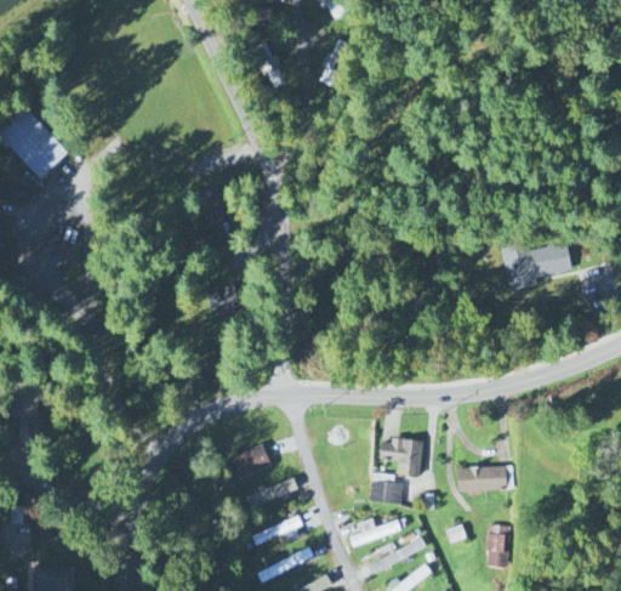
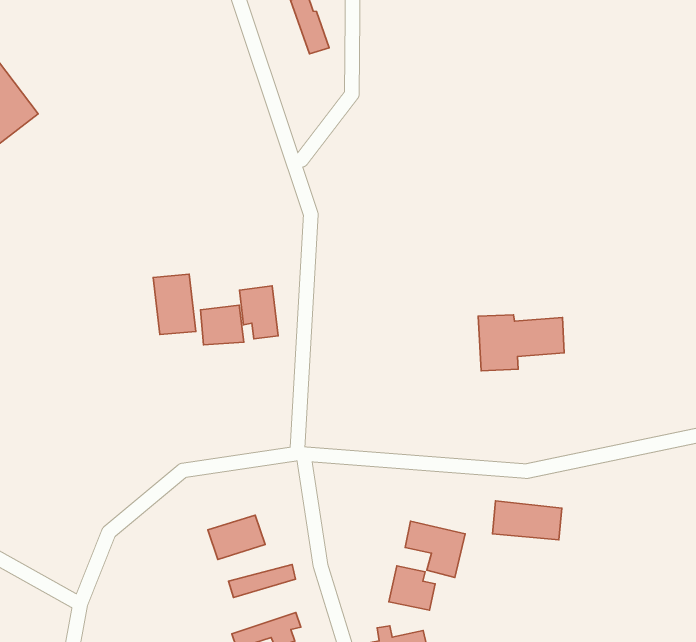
building: [503,243,571,289] -> [478,315,564,371]
building: none -> [153,274,196,335]
building: none -> [239,286,278,339]
building: [456,466,507,491] -> [493,501,562,540]

